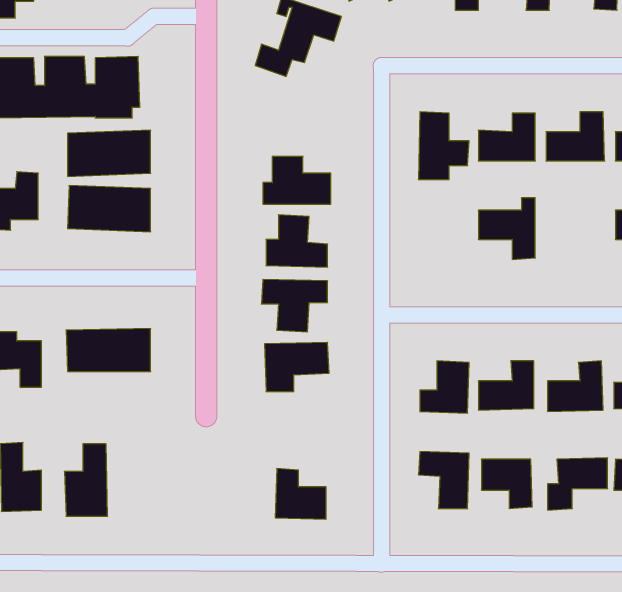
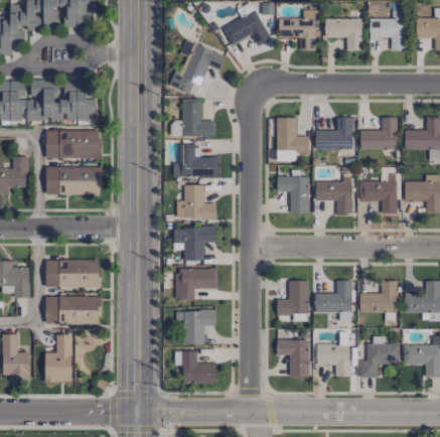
building: none -> [182,99,212,136]
building: none -> [359,168,400,213]
building: none -> [277,176,309,213]
building: none -> [45,296,101,324]
building: none -> [183,310,216,344]

